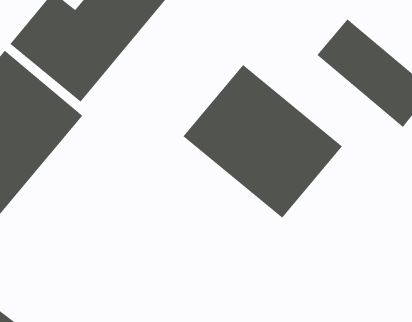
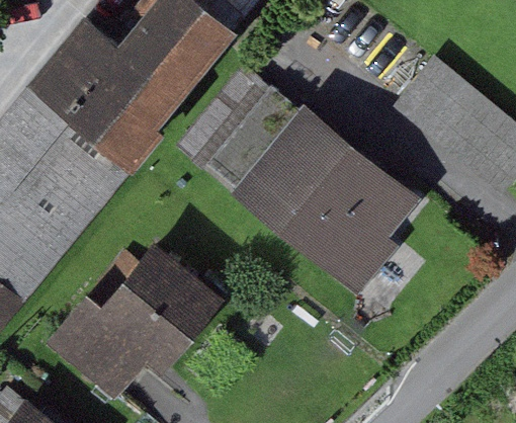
building: none -> [42,242,213,394]

